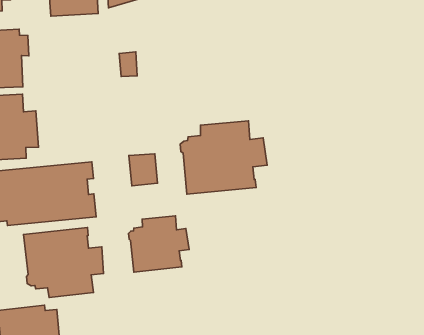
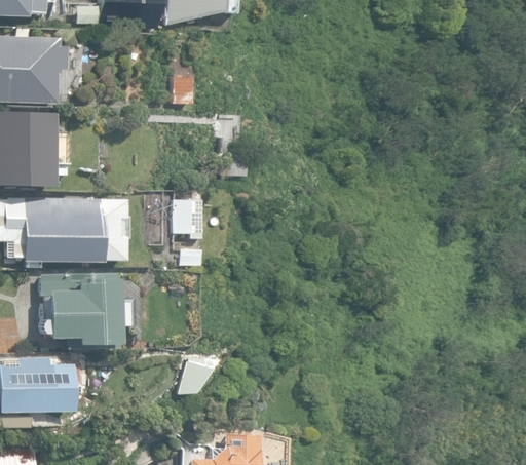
building: [180,121,267,194] -> none
building: [128,216,189,272] -> none

